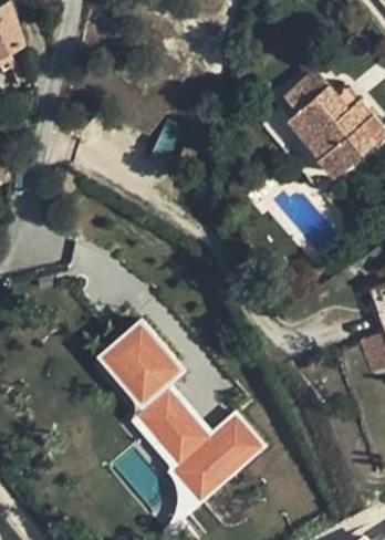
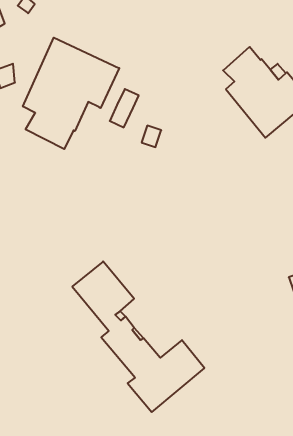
building: none -> [23,38,119,149]

